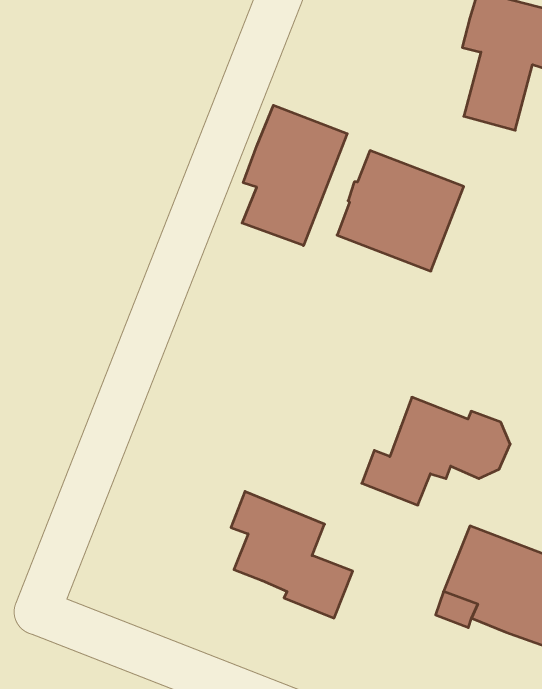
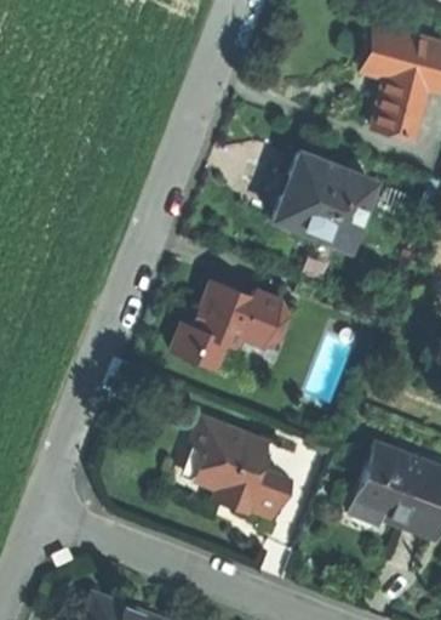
building: [242,105,347,246] -> none
building: [362,397,510,505] -> [173,281,288,365]

